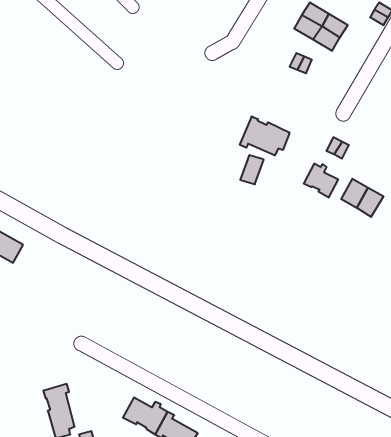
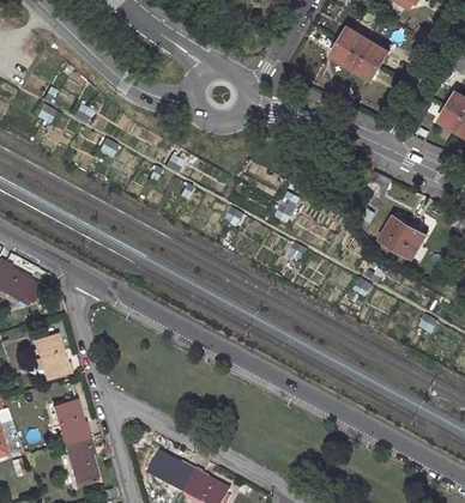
building: [240,116,289,155] -> none
building: [304,164,338,198] -> none
building: none -> [34,331,68,375]
building: none -> [52,398,89,443]

